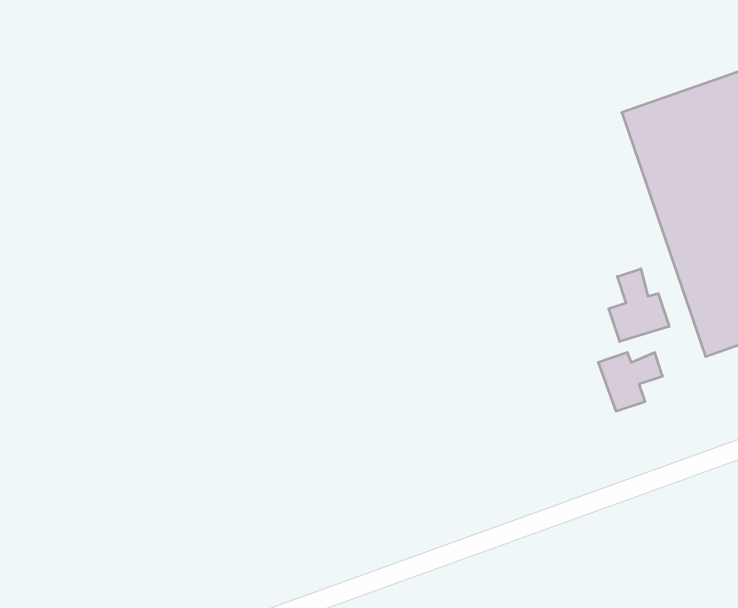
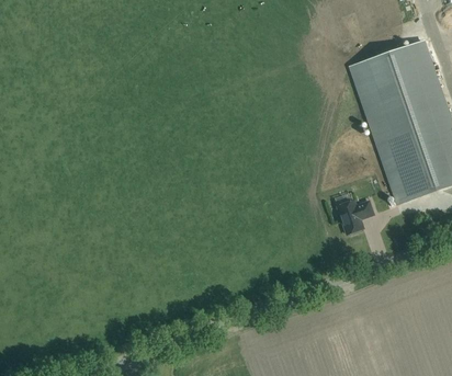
building: [609,269,669,342] -> none

